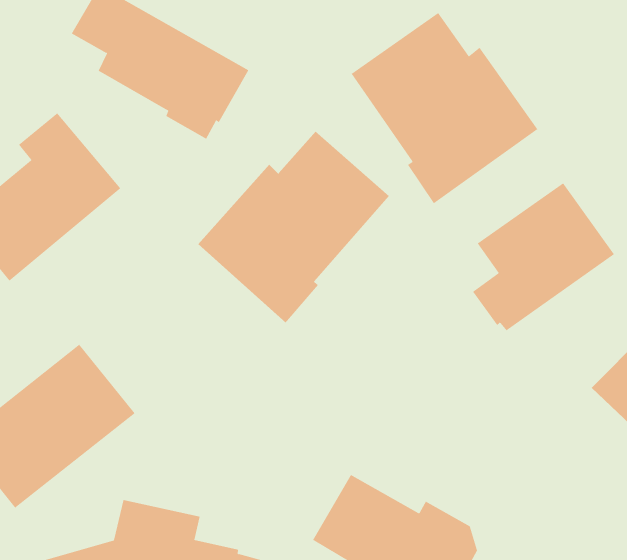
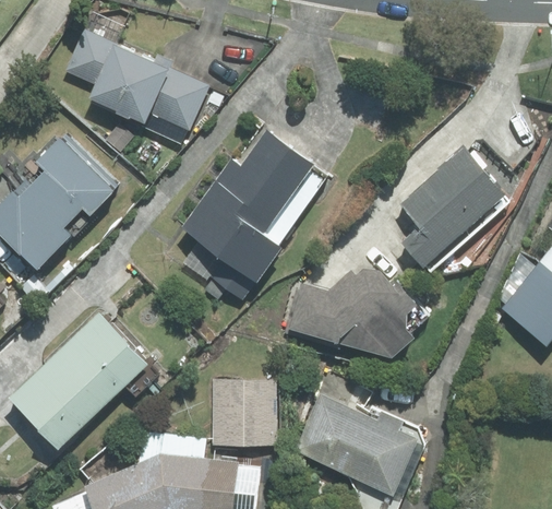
building: [351,12,538,204] -> none
building: none -> [288,270,430,358]
building: none -> [212,375,283,441]

